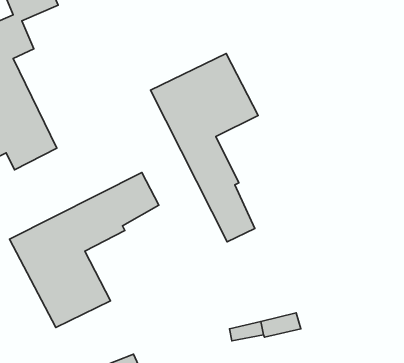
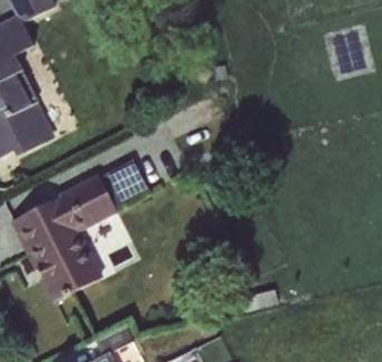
building: [150,54,258,242] -> none

